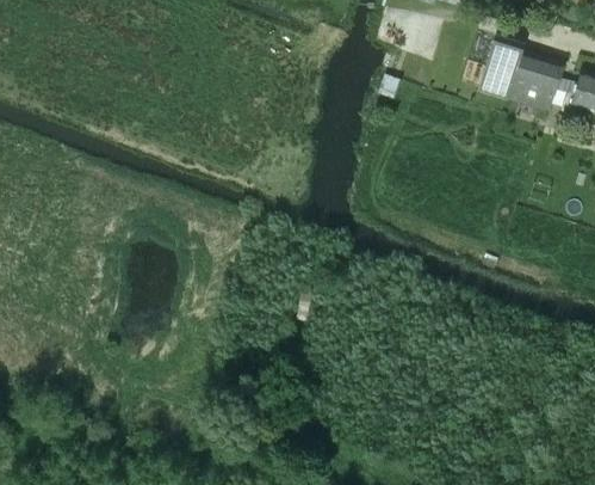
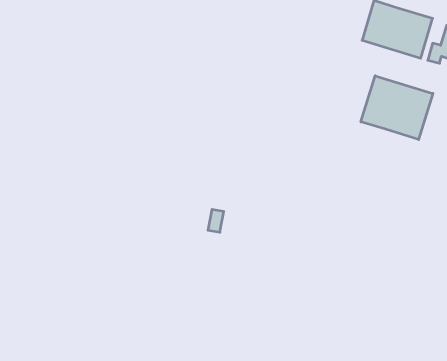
building: none -> [361,76,433,140]

